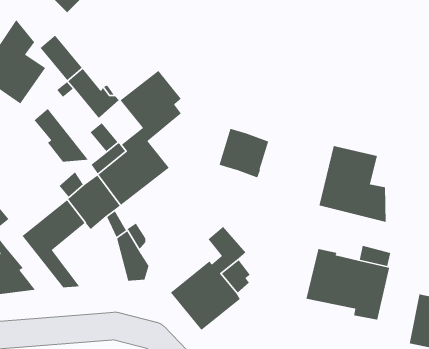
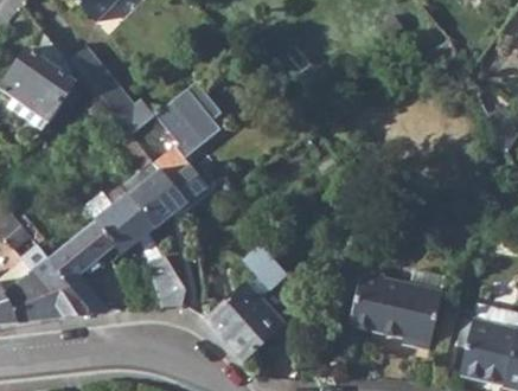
building: [33,108,89,162] -> [33,258,92,316]
building: [219,128,269,178] -> none
building: [319,145,386,223] -> none

